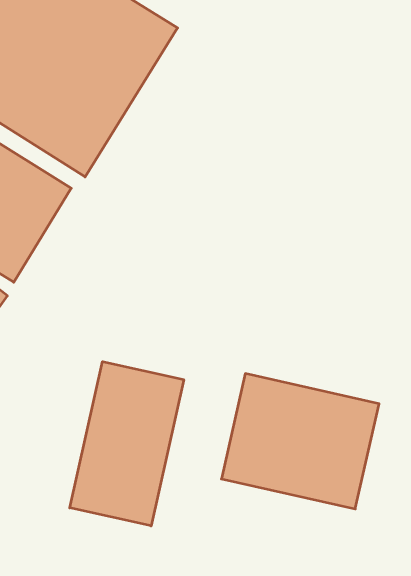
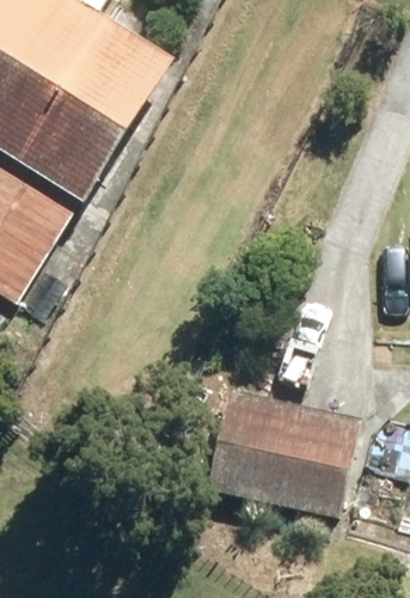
building: [70,362,184,526] -> none

